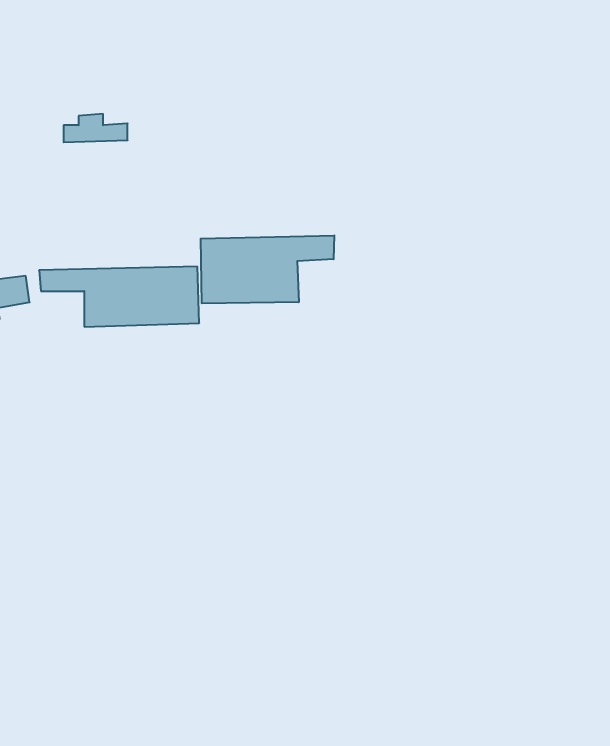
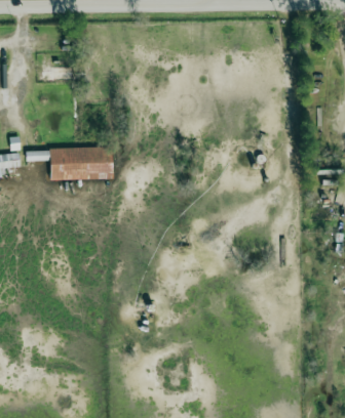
building: [201,235,334,303] -> none

